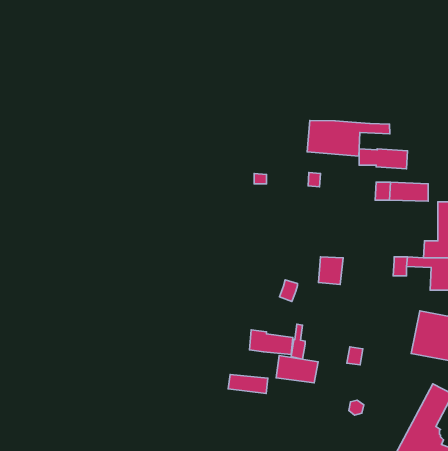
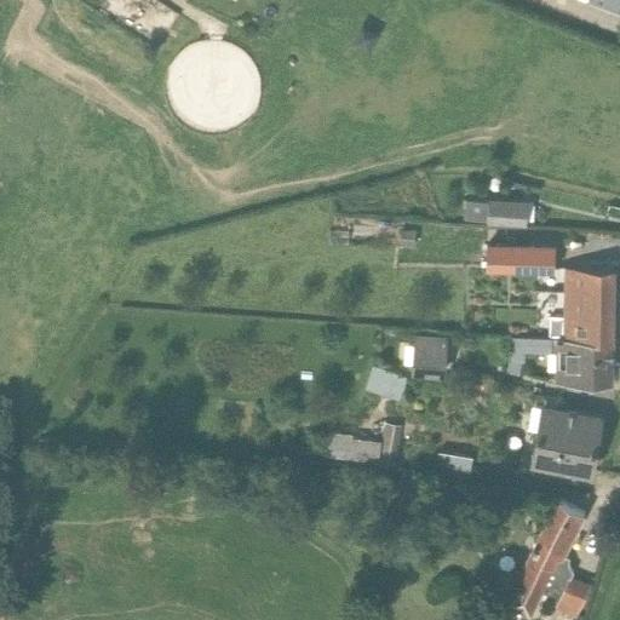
building: [307,121,390,156] -> none
building: [276,355,318,383] -> none
building: [228,374,268,394] -> none

